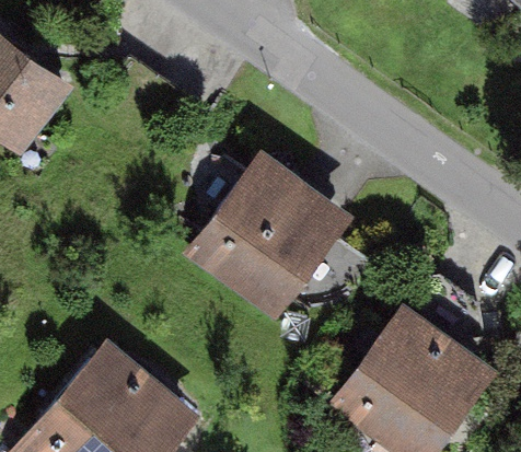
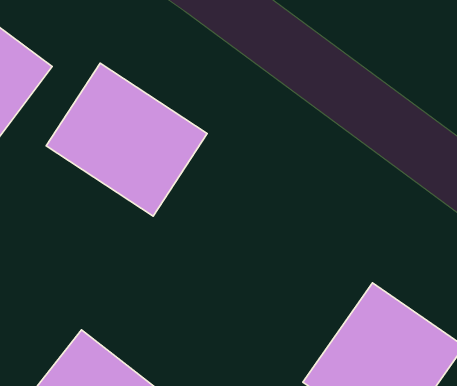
building: none -> [46,63,207,216]
building: [206,170,346,310] -> none

